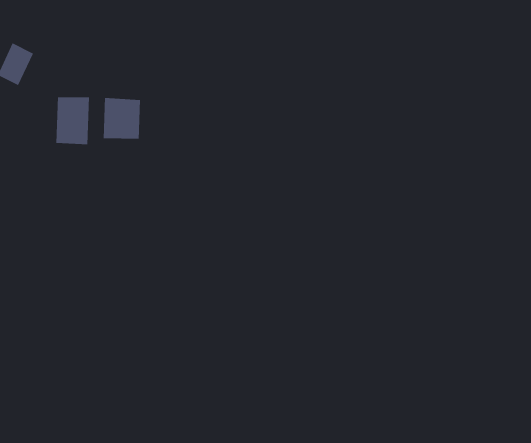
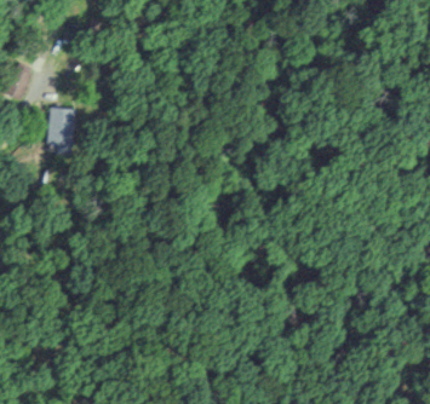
building: [103,97,140,139] -> none

